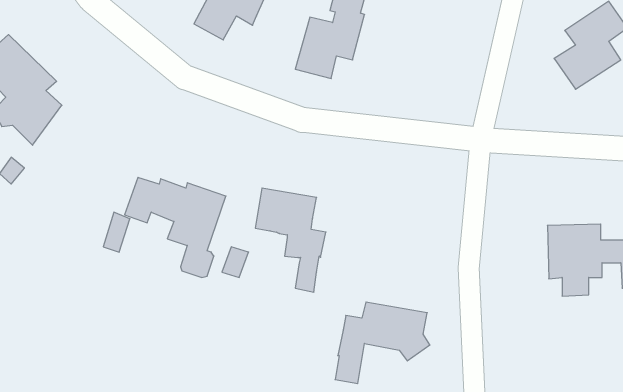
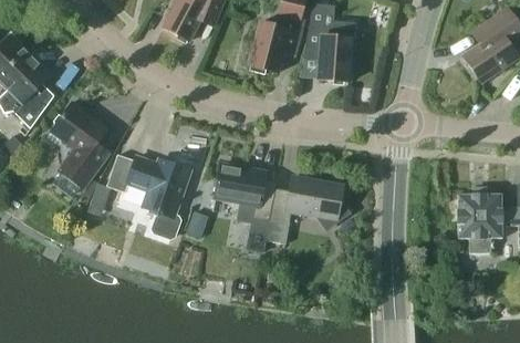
building: none -> [303,20,352,81]
building: none -> [46,100,111,188]
building: [335,302,430,384] -> [267,176,345,243]

